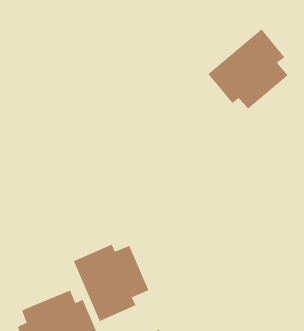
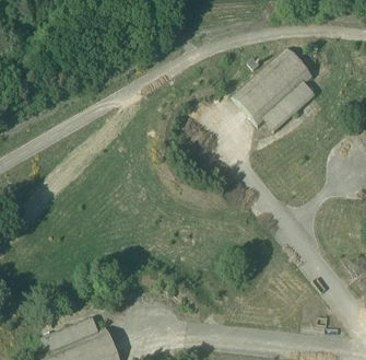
building: [73,244,149,322] -> none

